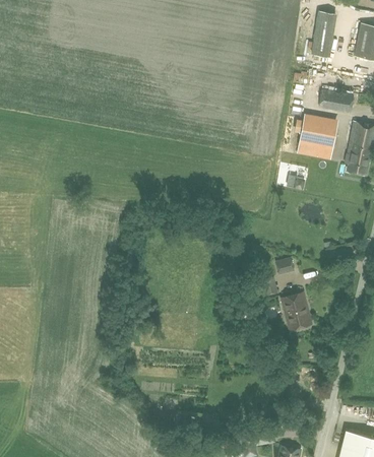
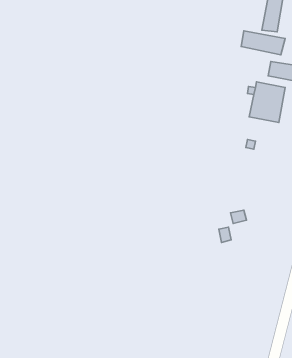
building: none -> [241,31,285,55]
building: [280,292,312,330] -> none

